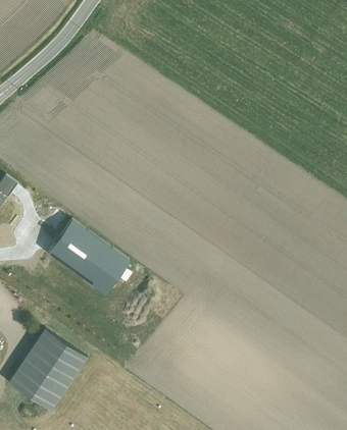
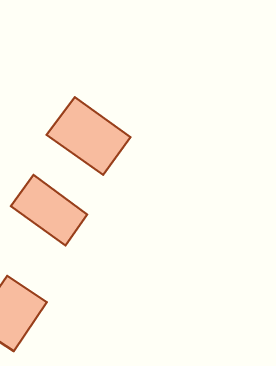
building: none -> [46,97,131,175]

